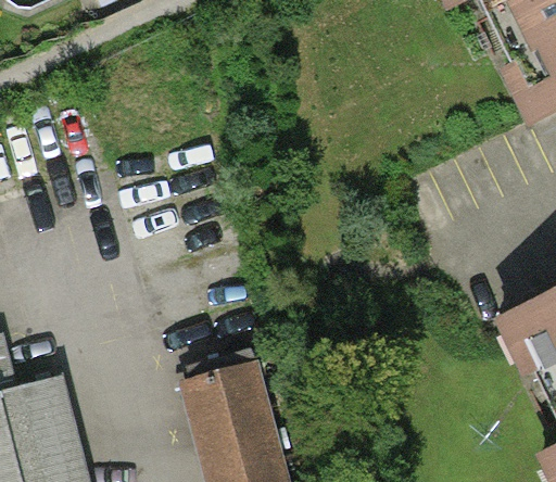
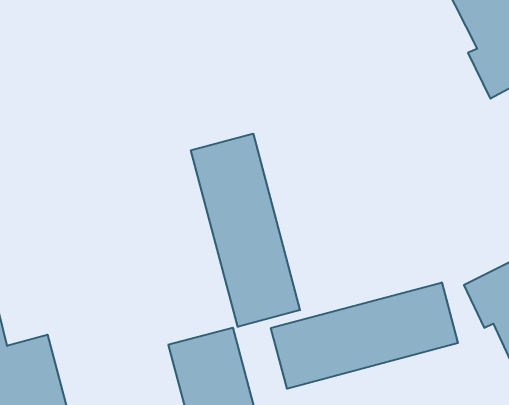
building: none -> [191,134,300,327]
building: none -> [271,282,458,389]

